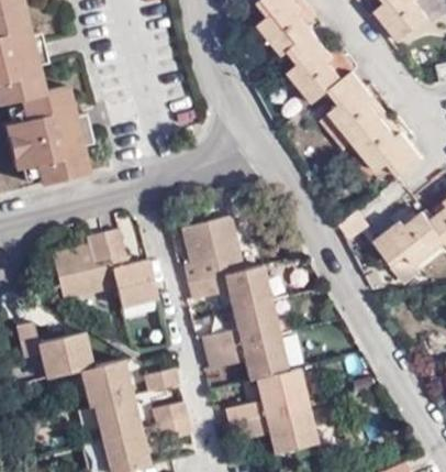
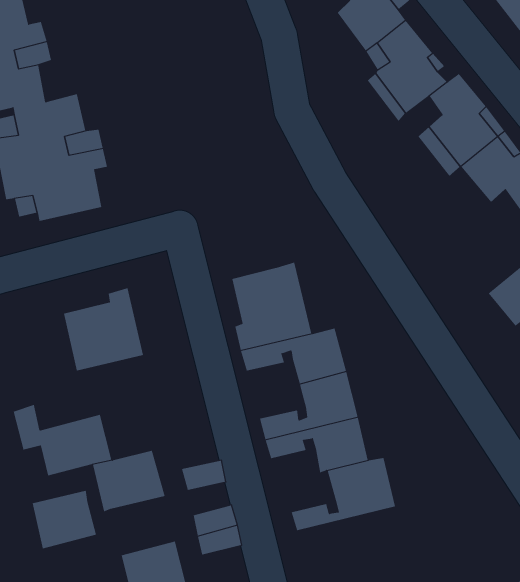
building: [102,232,157,307] -> none
building: [89,395,138,440] -> [32,490,97,549]
building: [231,403,315,450] -> none

